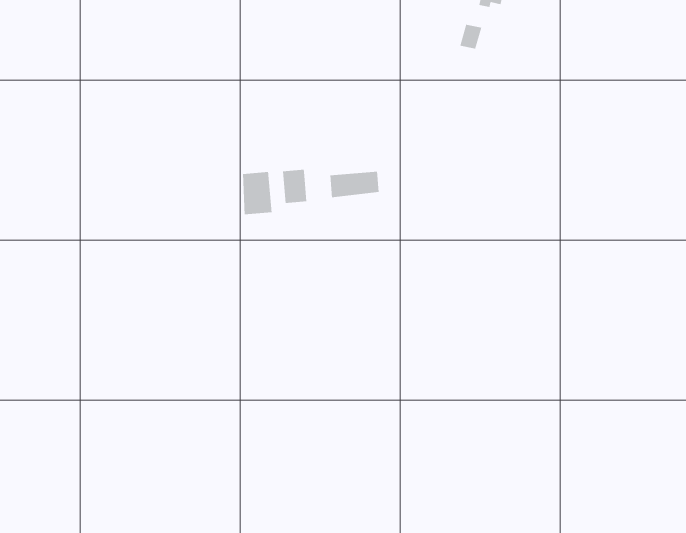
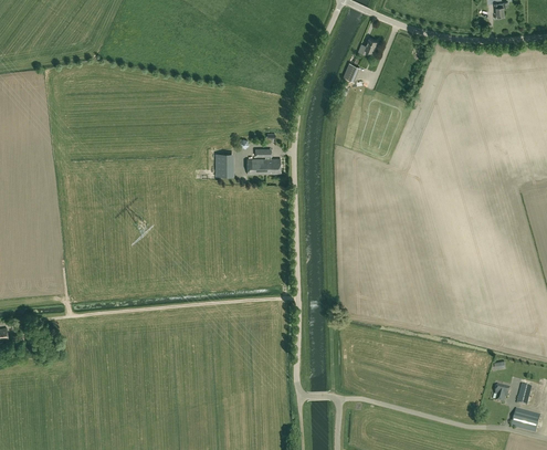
building: [243,171,272,215] -> none

